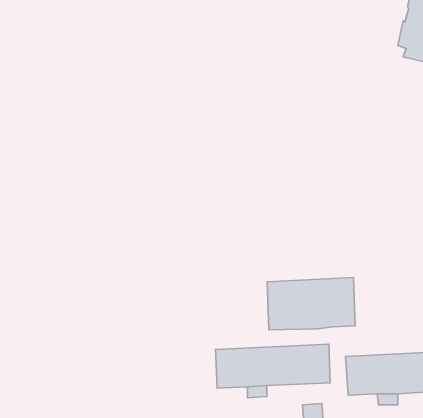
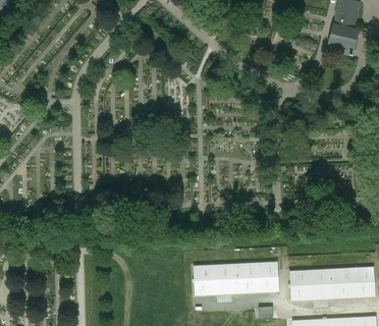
building: [267,278,355,330] -> none

